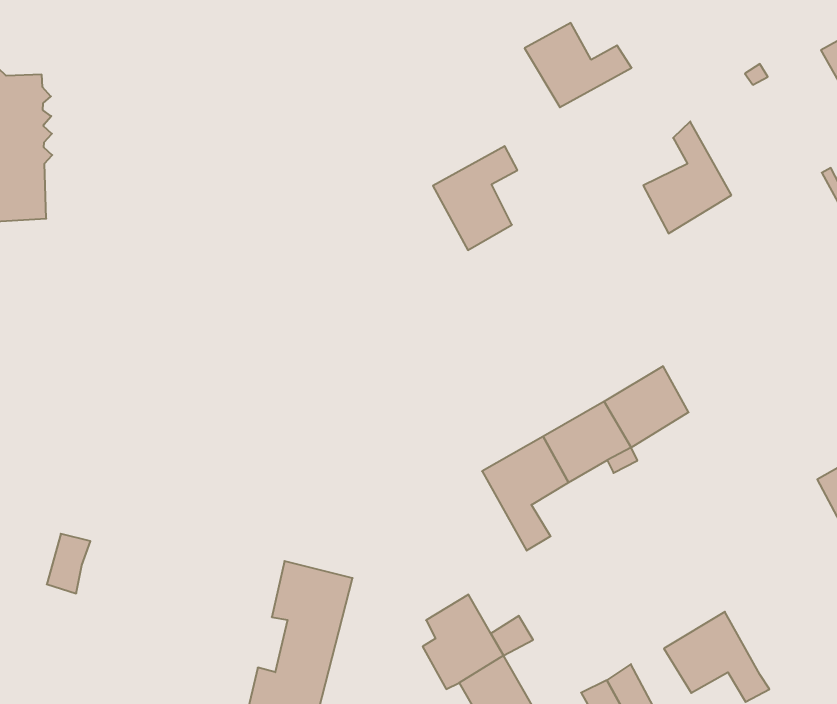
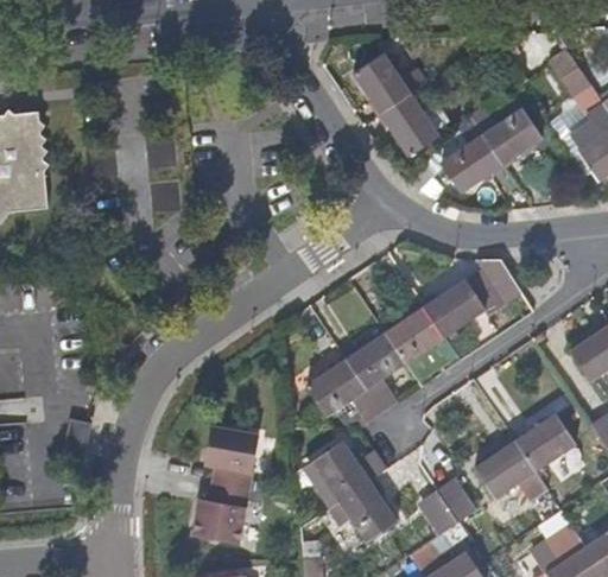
building: none -> [468,104,540,163]
building: [433,146,517,250] -> [380,82,436,153]
building: none -> [467,258,520,316]
building: none -> [304,359,378,429]
building: none -> [513,416,572,482]

